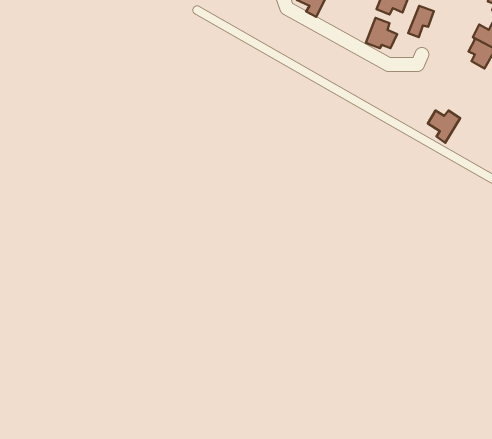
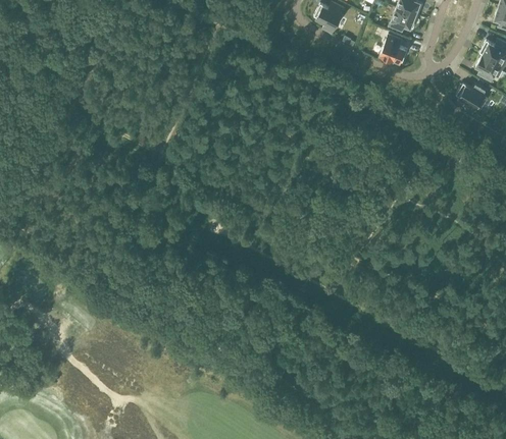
building: [408,6,434,37] -> none
building: [428,111,460,143] -> [458,81,489,112]

